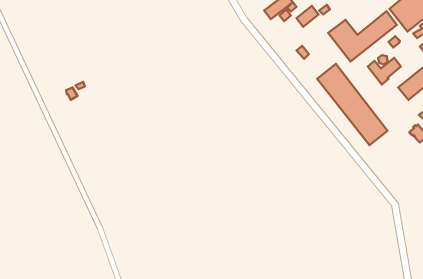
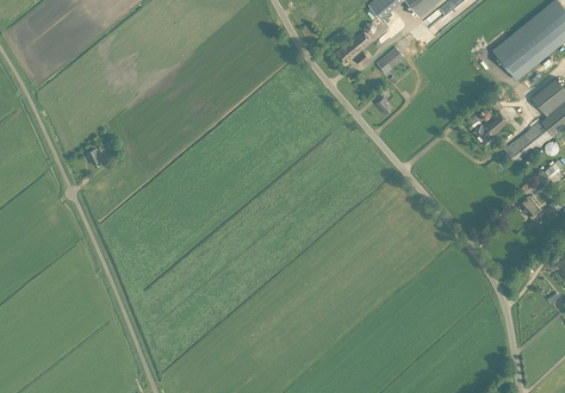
building: [328,11,397,61] -> none
building: [317,64,387,145] -> none

